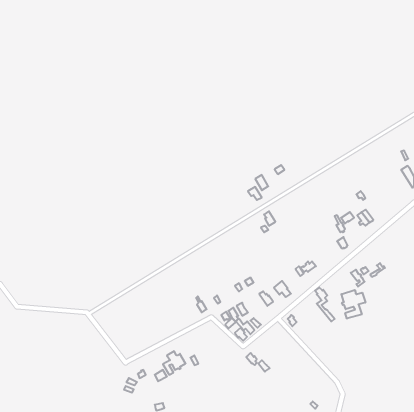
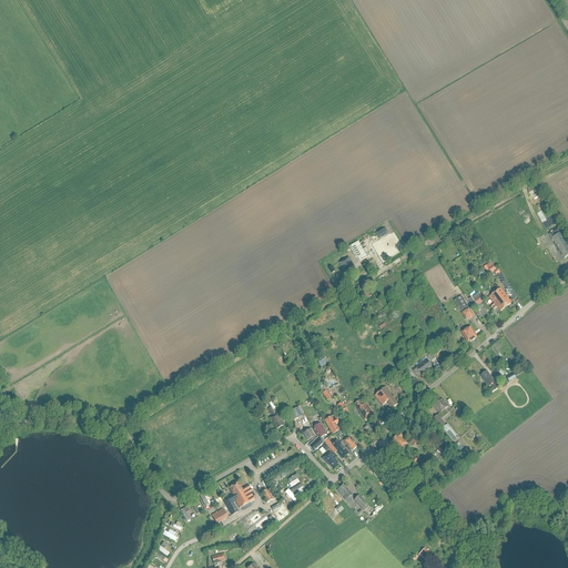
building: [341,290,365,319] -> none

